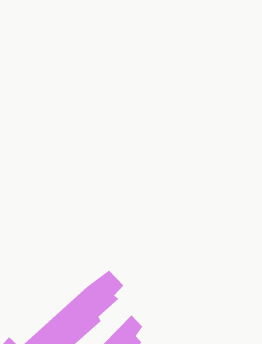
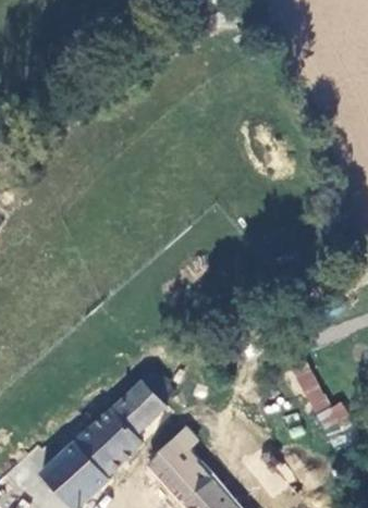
building: none -> [287,360,351,431]

